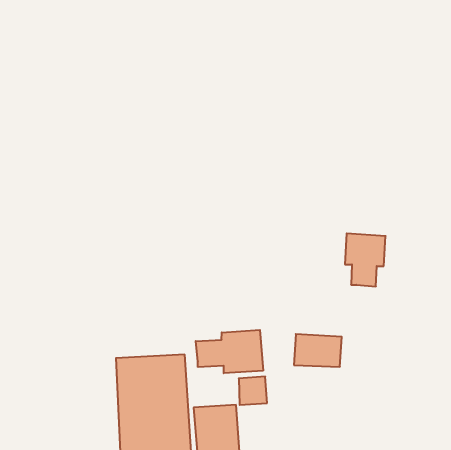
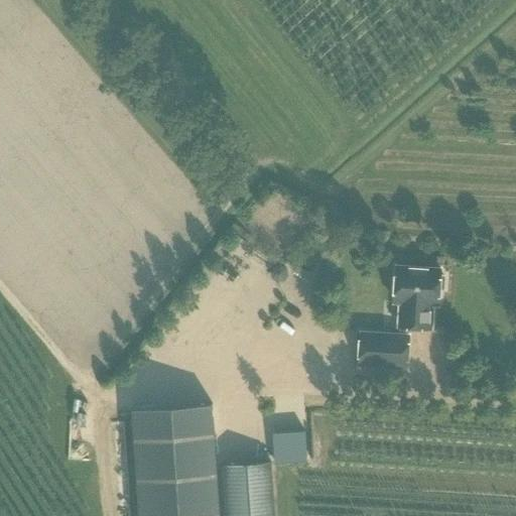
building: [196,330,263,373] -> none
building: [294,334,342,367] -> [356,333,410,370]

